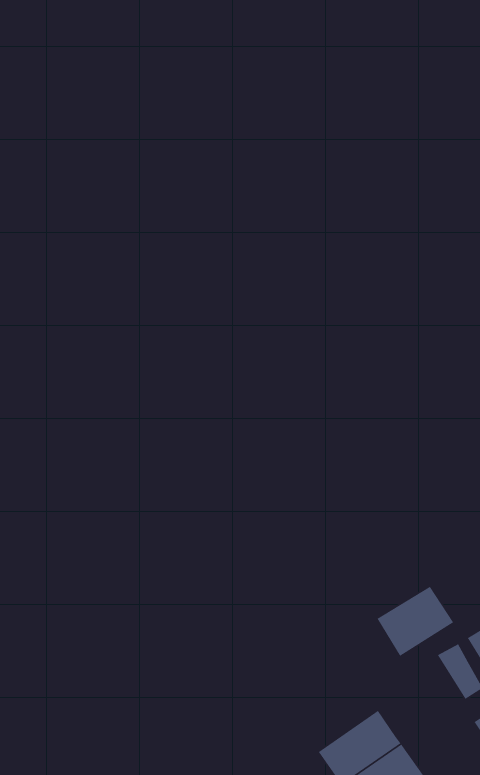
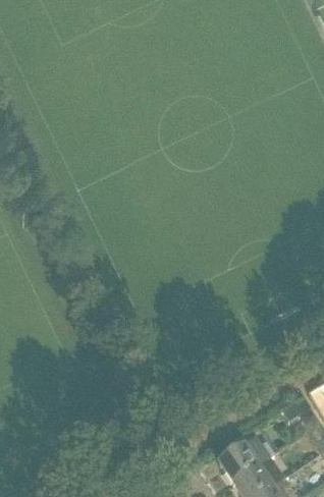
building: [376,586,454,657] -> none

